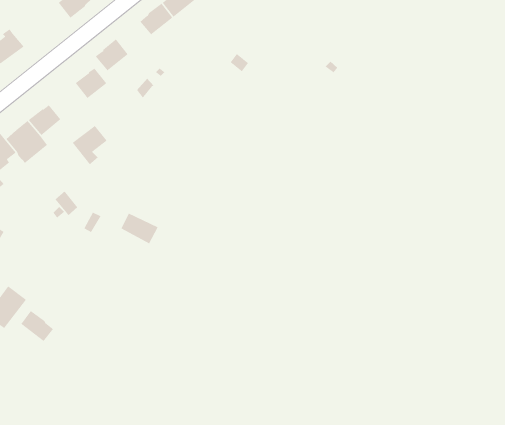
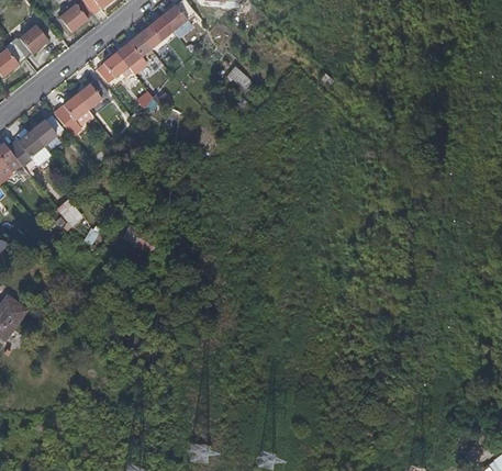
building: none -> [14,26,47,59]
building: none -> [115,35,149,74]
building: [72,125,107,165] -> [52,96,87,135]
building: [21,310,54,342] -> none

